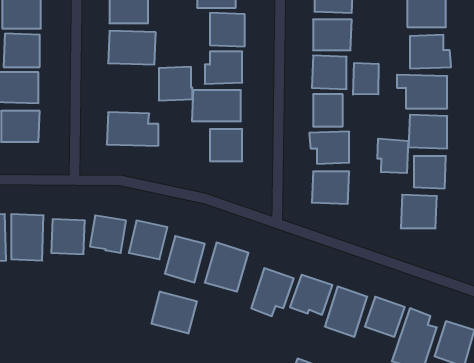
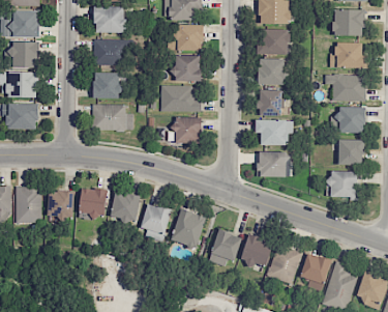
building: [353,63,378,95] -> none
building: [159,67,192,100] -> [93,72,120,98]
building: [377,139,408,173] -> none
building: [151,291,197,334] -> none

